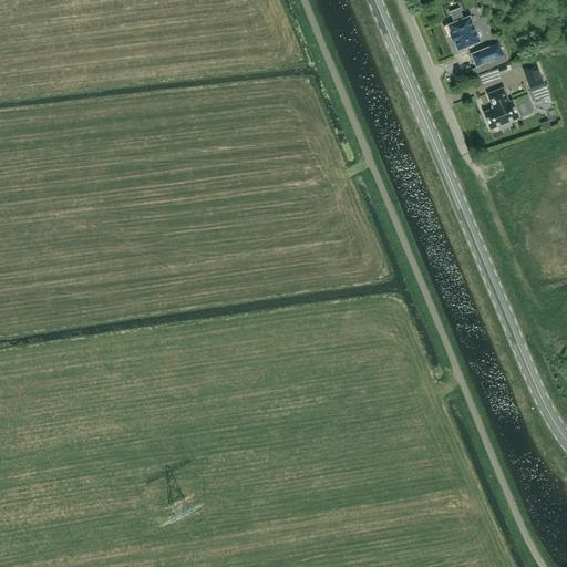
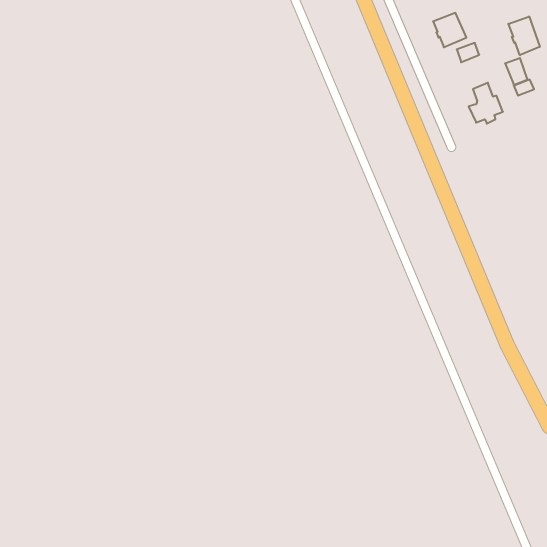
building: none -> [508,16,540,55]

